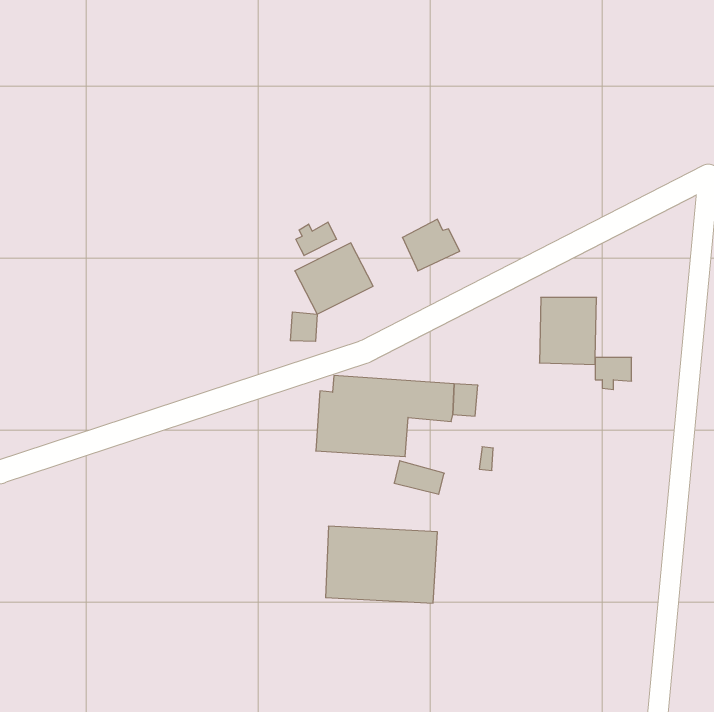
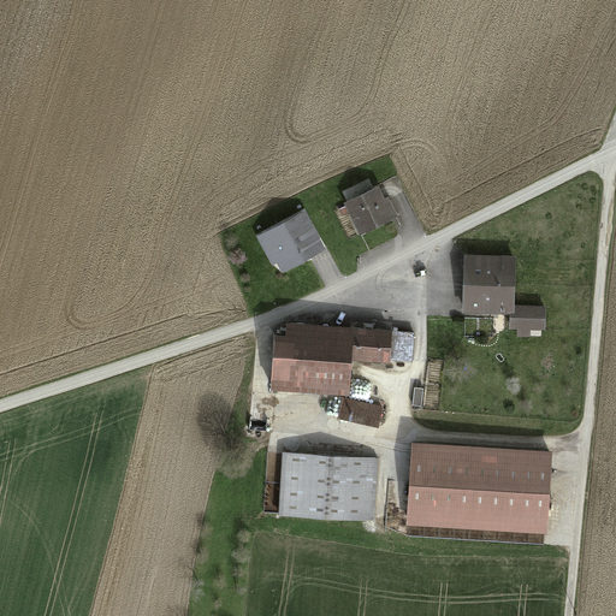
building: [296,222,337,256] -> none
building: [290,312,317,341] -> none
building: none -> [408,440,556,543]

